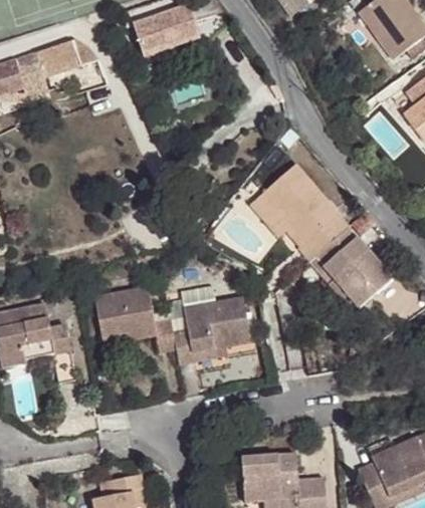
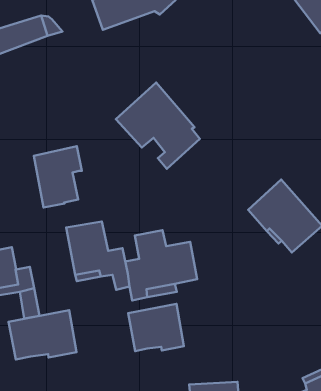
building: [251,163,346,260] -> [116,83,200,169]
building: none -> [34,146,82,207]
building: none -> [128,304,184,351]
building: none -> [8,310,76,360]

